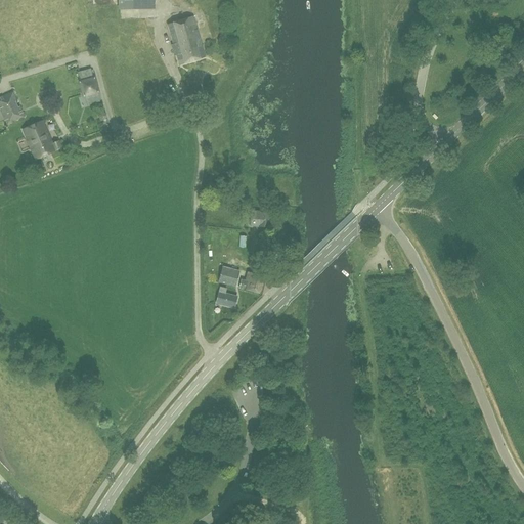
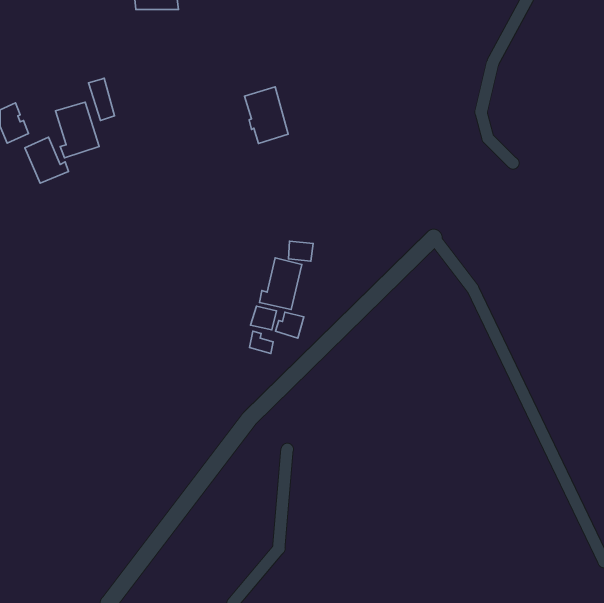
building: [166,14,204,63] -> [244,87,288,144]
building: none -> [56,102,99,158]
building: none -> [259,258,302,309]

